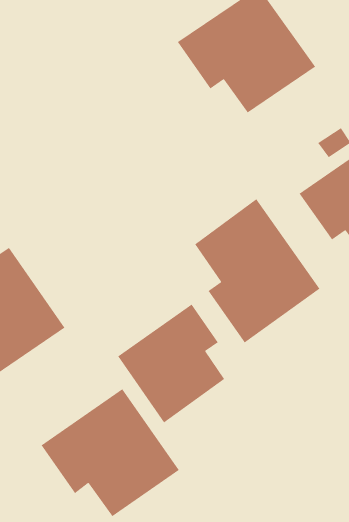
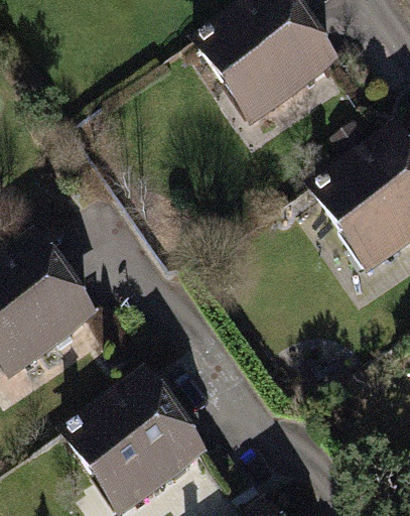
building: [194,198,320,344] -> none
building: [117,304,225,423] -> none

